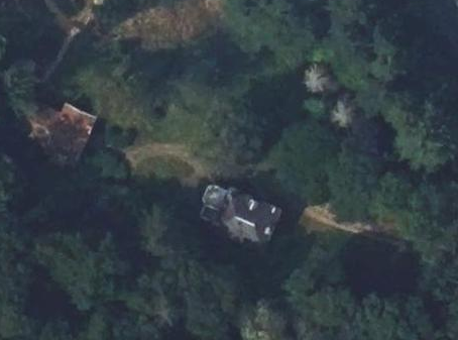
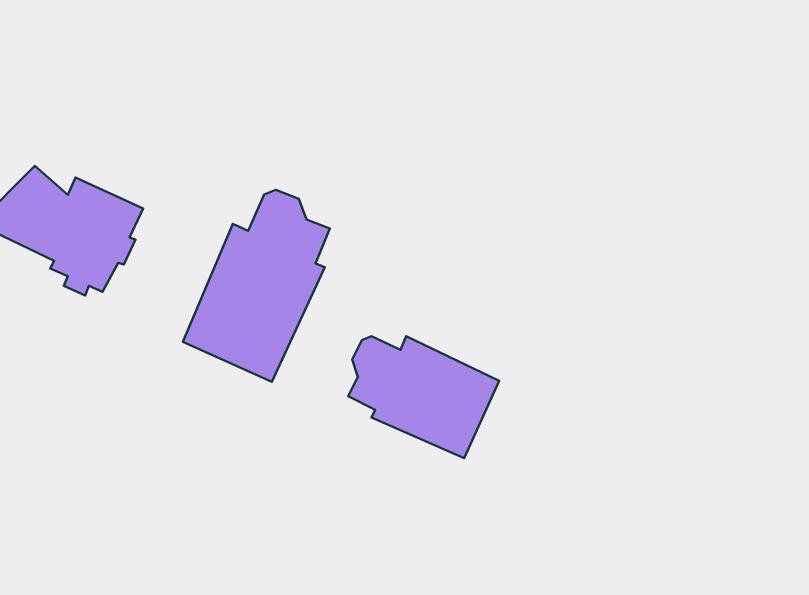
building: none -> [183,190,330,382]

